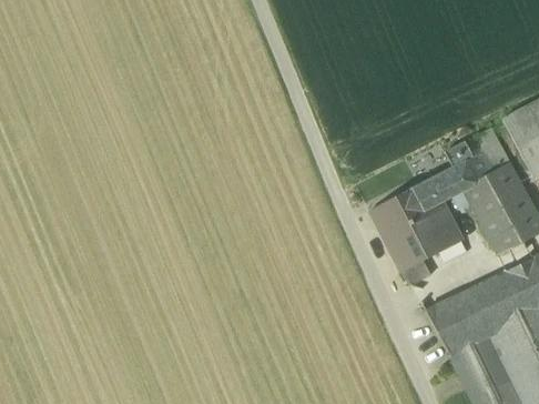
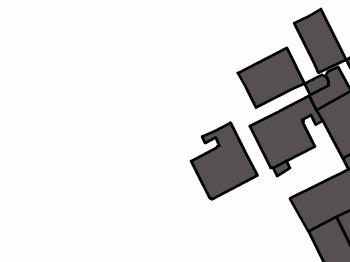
building: none -> [294,9,346,73]
building: none -> [238,48,304,108]
building: none -> [191,123,257,199]

